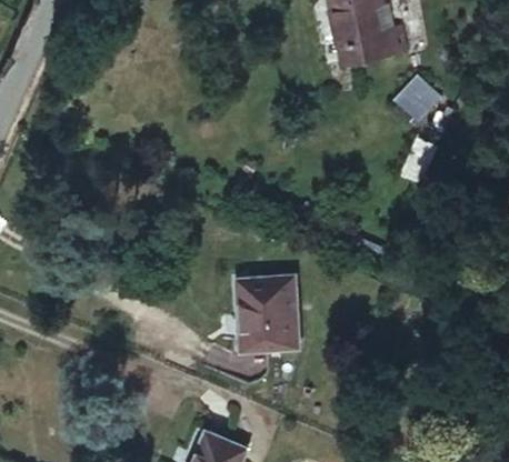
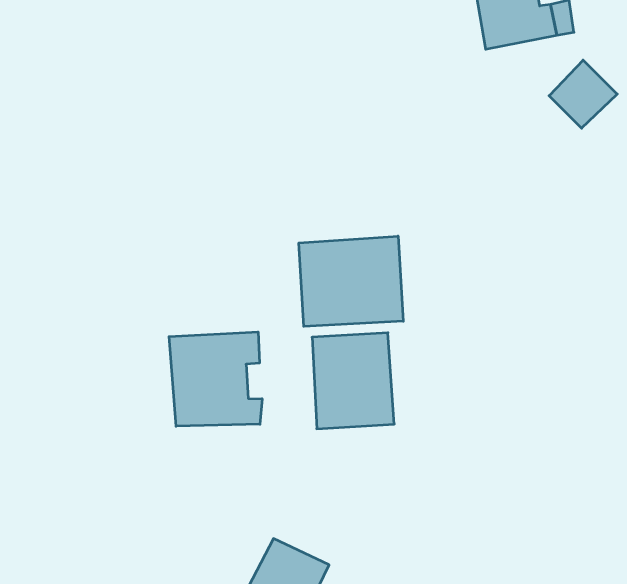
building: none -> [299,236,403,326]
building: none -> [169,332,262,426]

